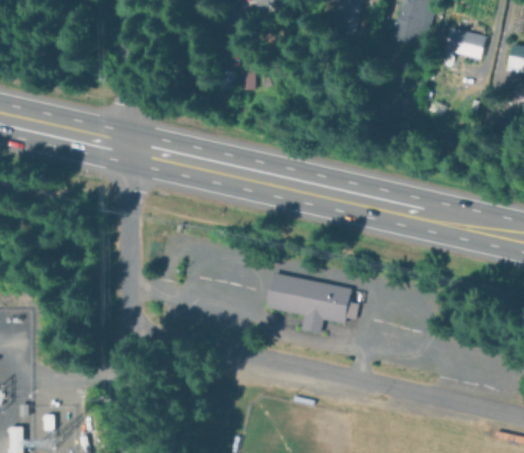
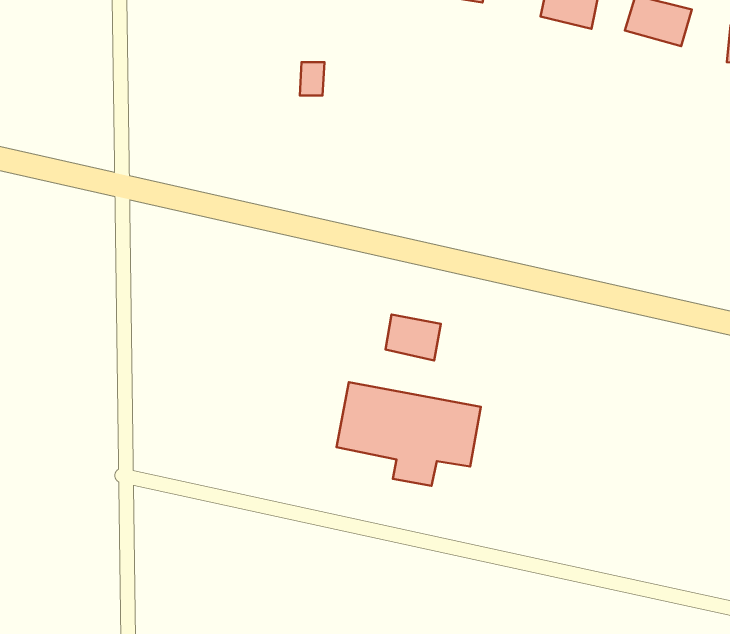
building: none -> [386,315,441,360]

